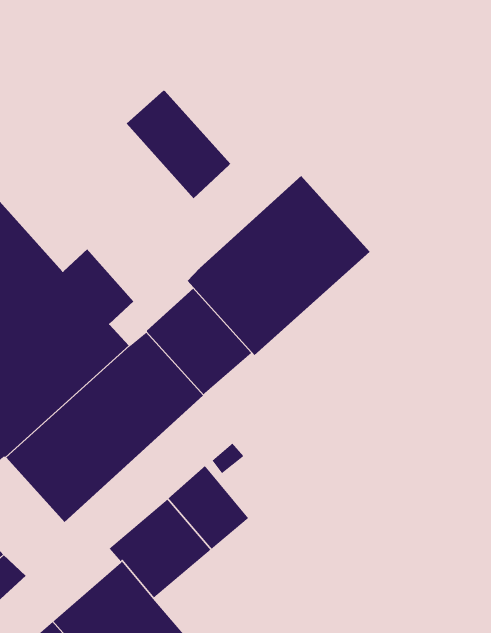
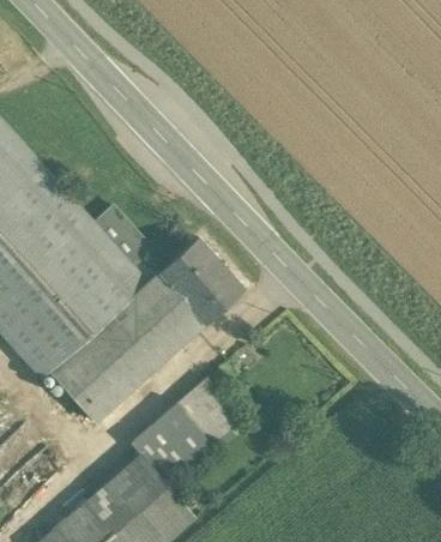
building: [126,90,231,199] -> none
building: [187,175,371,356] -> none

